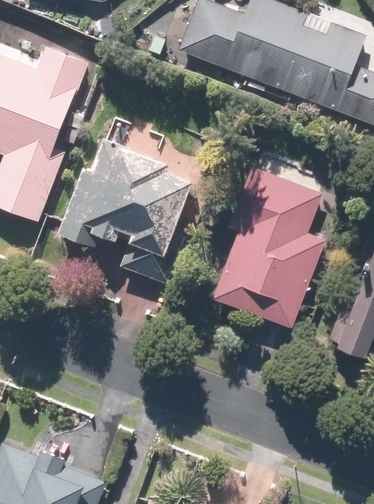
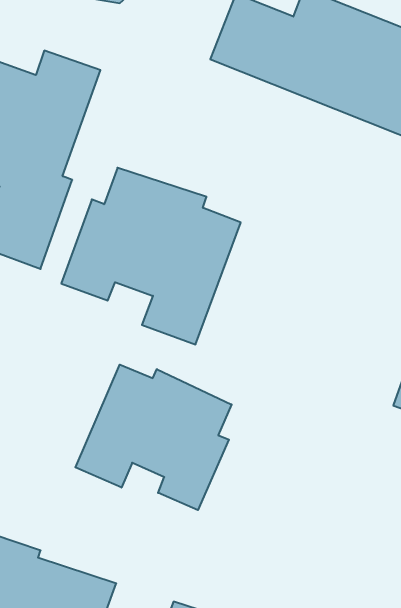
building: [210,162,326,329] -> none
building: none -> [75,365,232,510]

